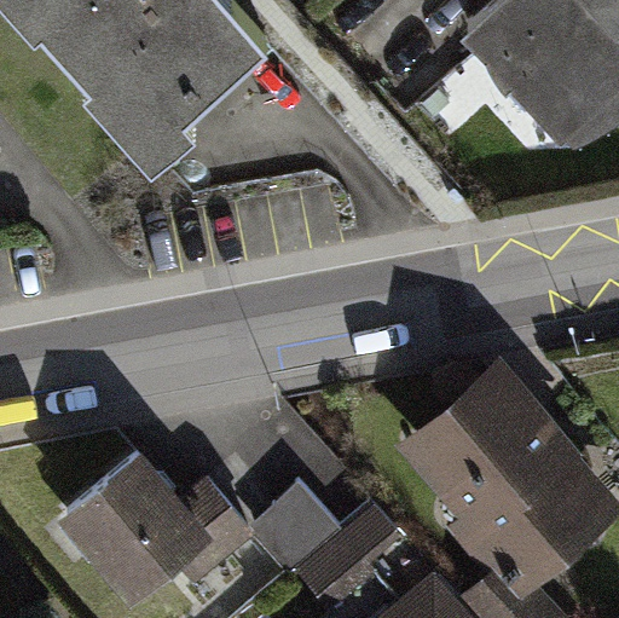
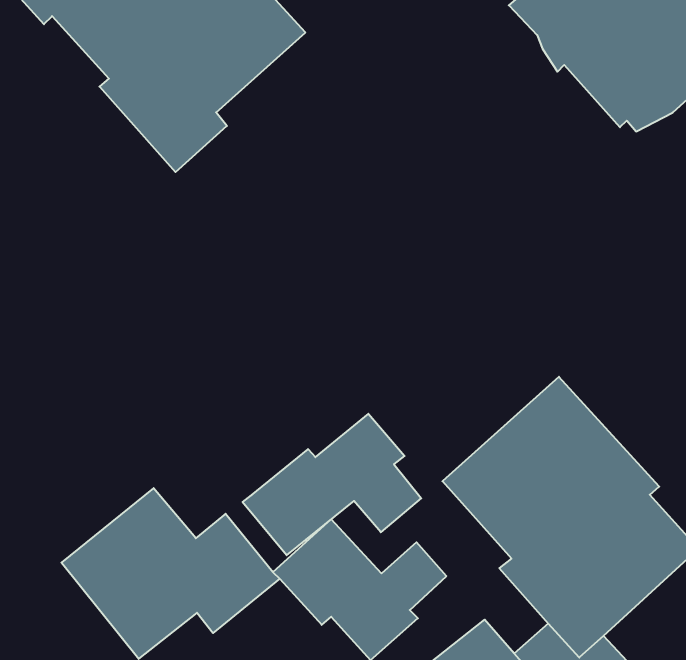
building: none -> [243,414,421,555]

